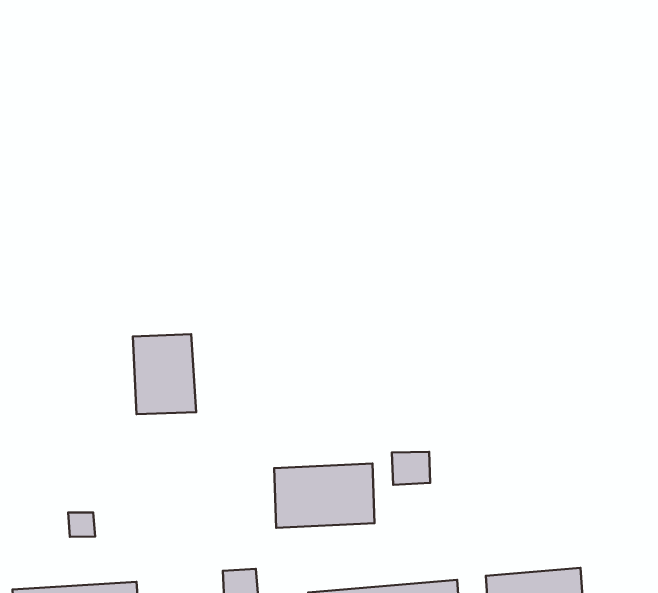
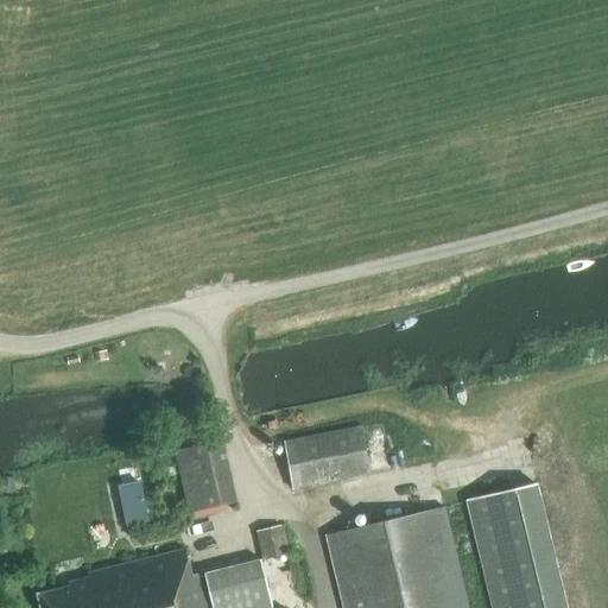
building: [133,334,196,414] -> [177,443,238,514]
building: [392,452,430,485] -> none

